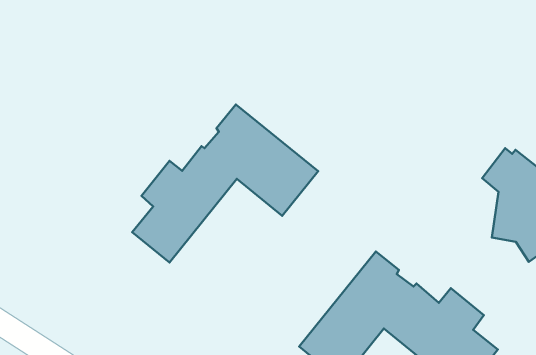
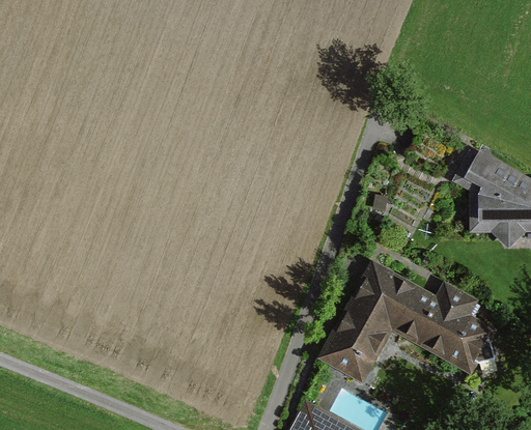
building: [132,105,318,263] -> none

